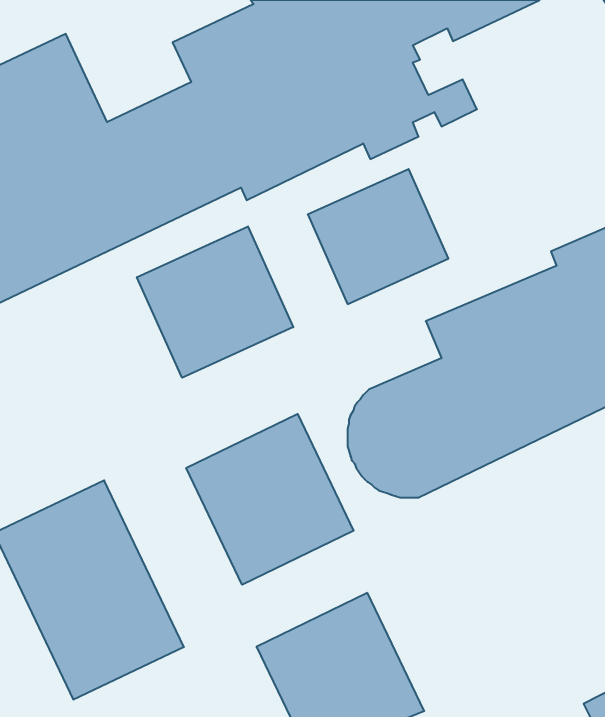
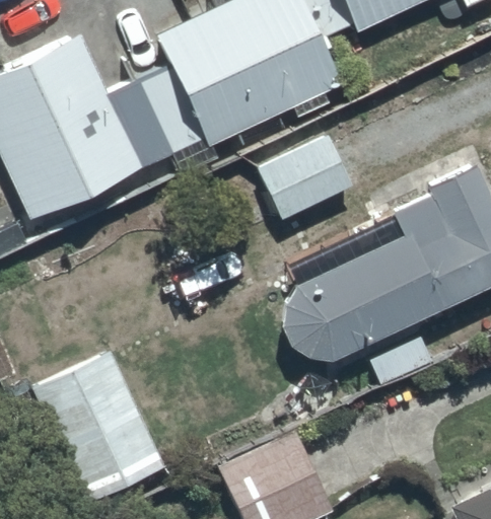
building: [137,226,293,378] -> none
building: [186,414,354,585] -> none

